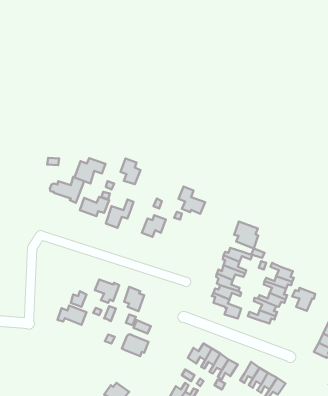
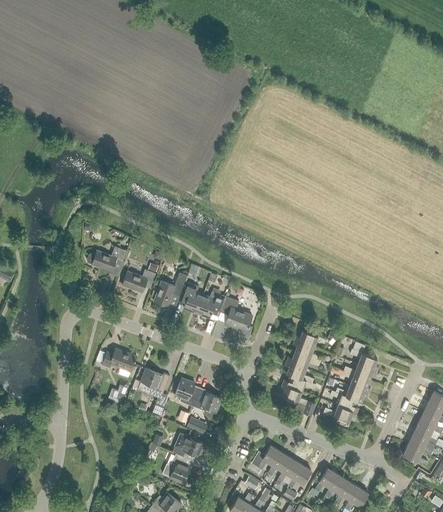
building: [75,158,106,183] -> none
building: [121,158,141,184] -> [179,281,203,312]
building: [179,186,205,214] -> [220,296,252,329]
building: [234,222,258,249] -> none
building: [292,288,315,311] -> none
building: none -> [192,387,222,411]
building: [57,306,87,325] -> [101,348,136,371]
building: none -> [162,453,194,483]

